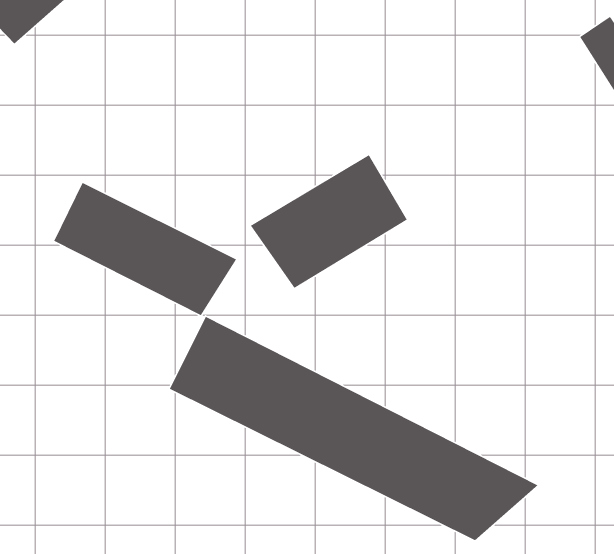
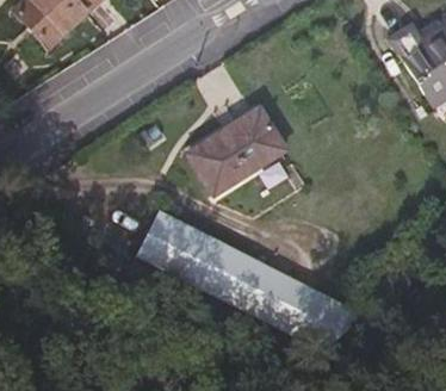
building: [53,182,237,316] -> none

